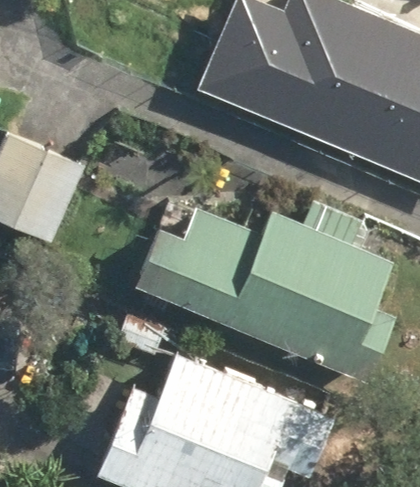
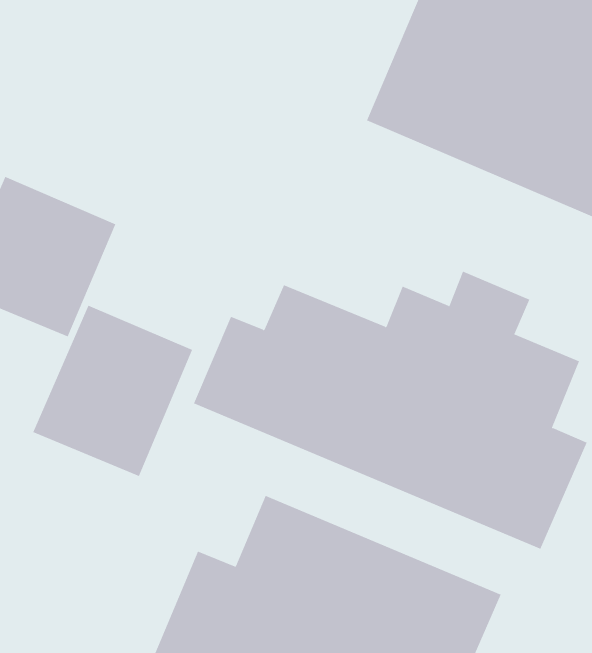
building: none -> [33,305,193,477]

